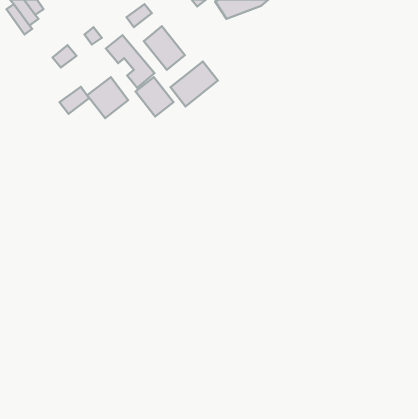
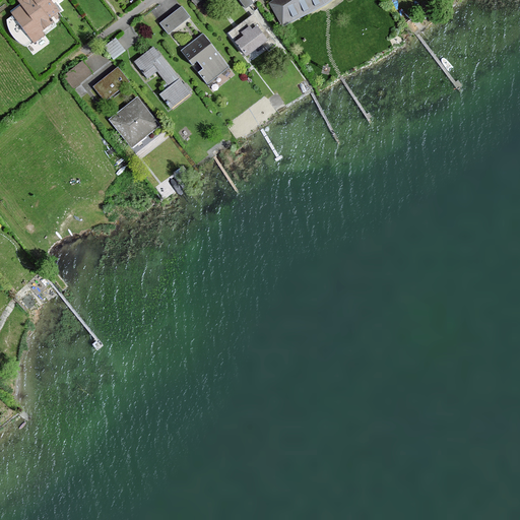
building: none -> [232,21,268,58]
building: [171,61,218,106] -> none
building: [135,77,174,116] -> none
building: [60,87,89,114] -> [91,66,128,100]

